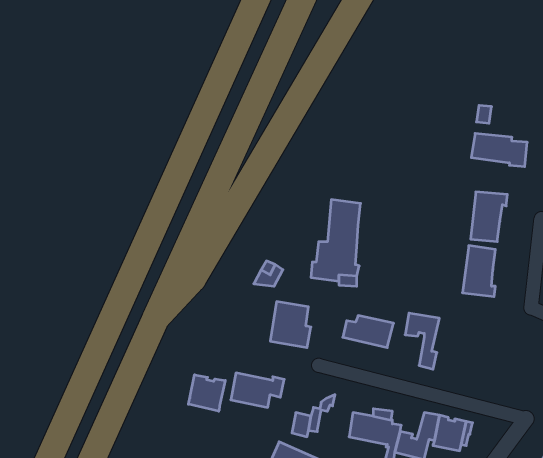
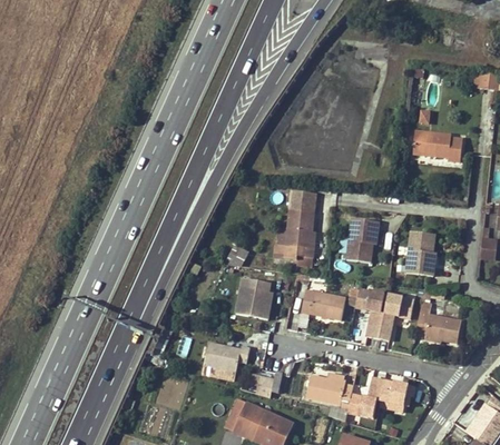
building: [471,192,507,242] -> [346,218,379,261]
building: none -> [380,295,414,340]
building: none -> [414,301,460,343]
building: [188,375,225,411] -> none

